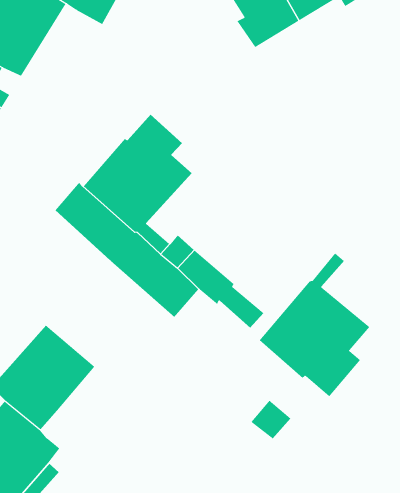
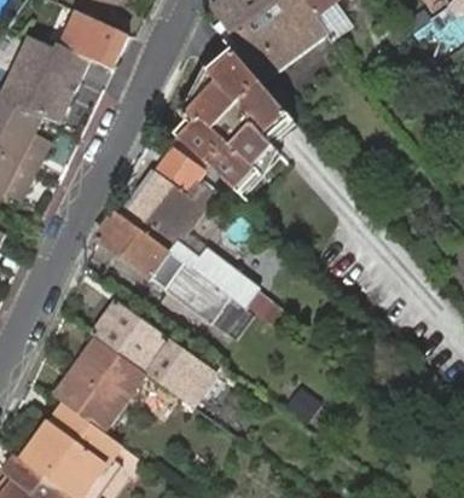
building: none -> [176,53,290,191]
building: [259,253,370,397] -> none
building: none -> [91,301,214,404]

